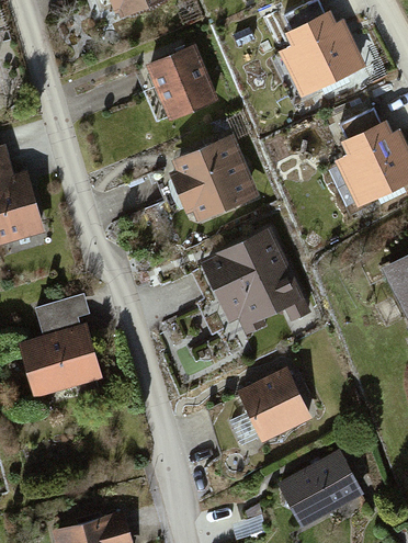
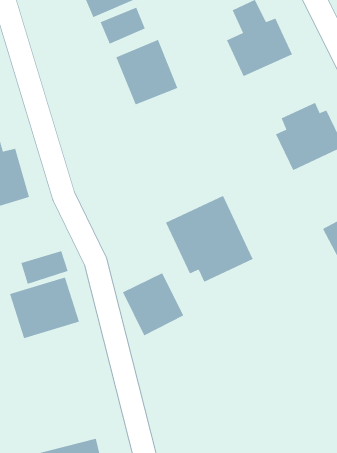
building: none -> [100,7,145,45]
building: [168,134,256,224] -> none
building: [238,367,310,442] -> [122,272,184,336]
building: [279,448,363,525] -> none

